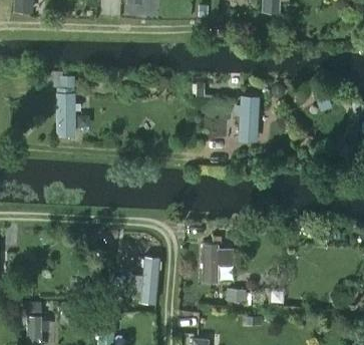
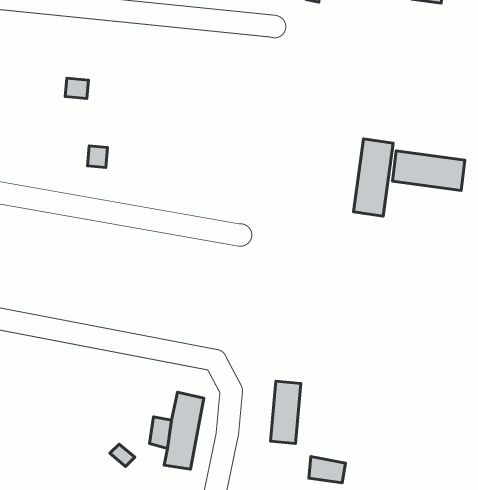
building: [57,94,81,134] -> none
building: none -> [392,151,465,191]

